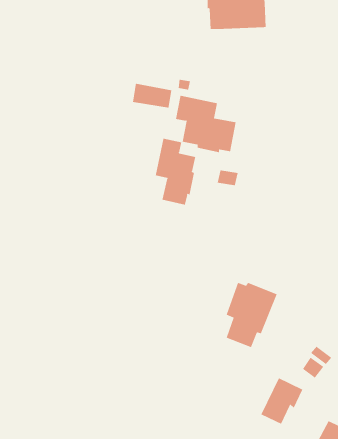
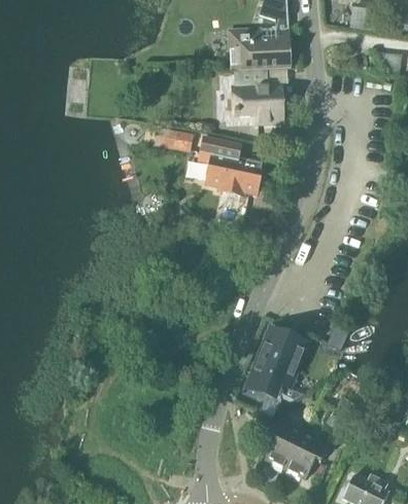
building: none -> [233,67,291,122]
building: [155,138,196,205] -> none
building: none -> [266,416,305,467]

